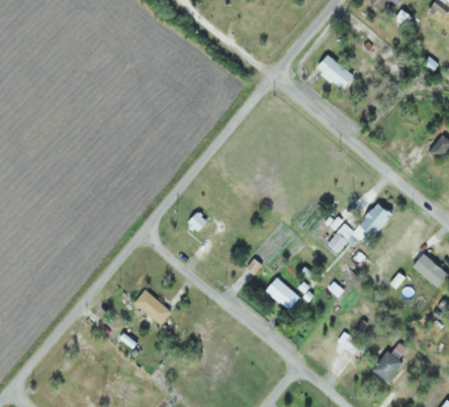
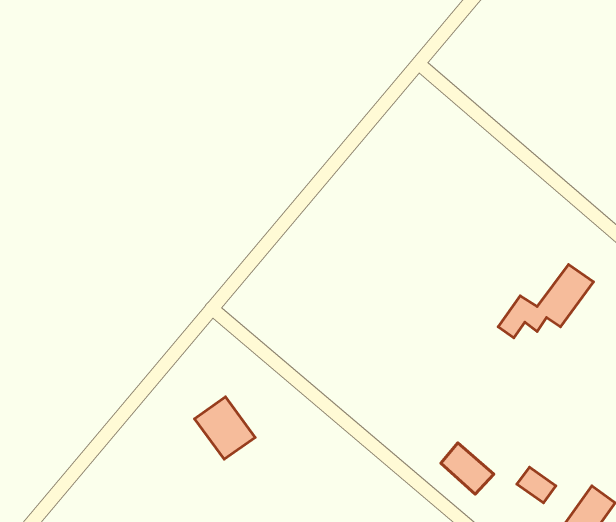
building: [316,54,354,90] -> none
building: [266,276,300,310] -> [441,443,494,494]

